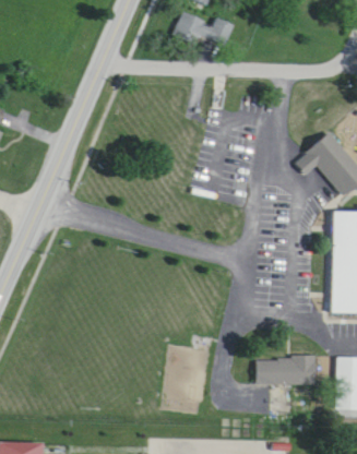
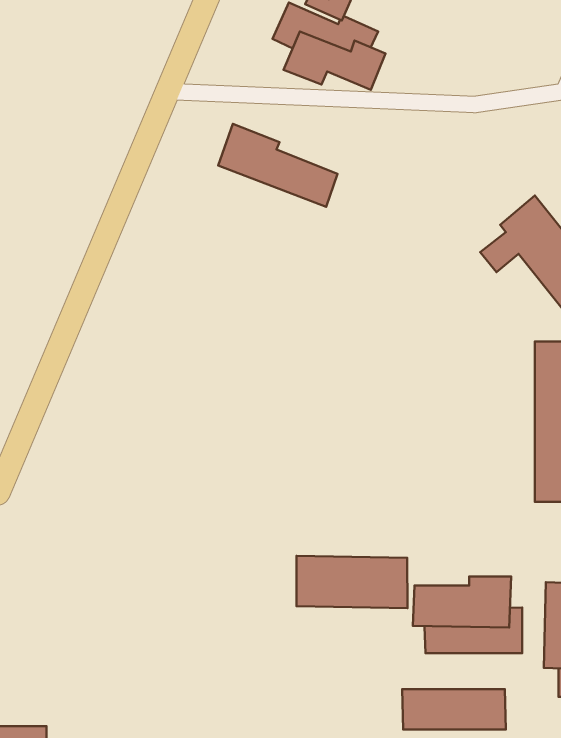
building: none -> [218,124,337,207]
building: none -> [296,556,407,608]
building: none -> [402,689,506,730]

